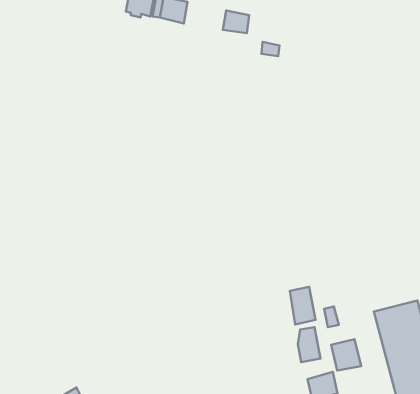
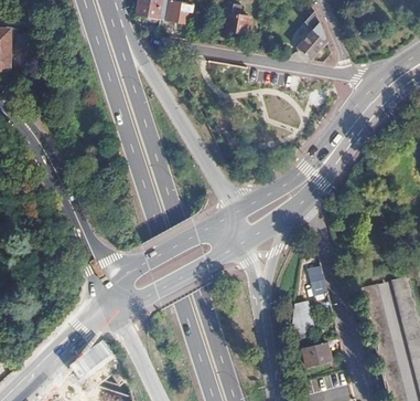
building: none -> [297,22,324,59]
building: [290,287,316,324] -> none
building: [331,339,361,370] -> none

